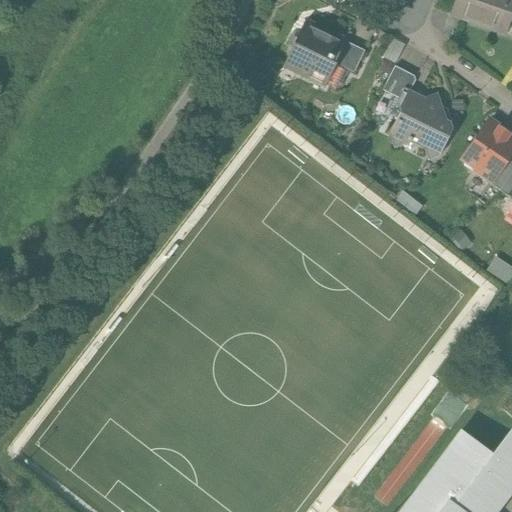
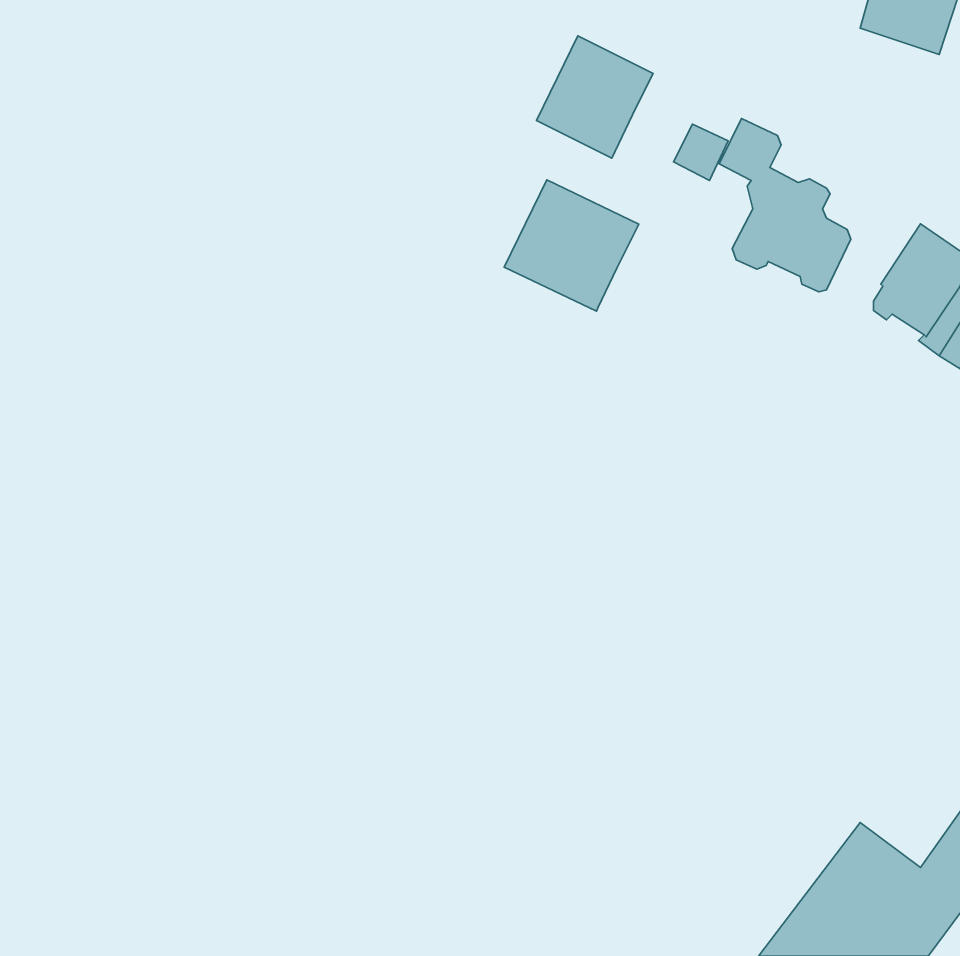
building: [337,41,366,71] -> [674,124,728,180]
building: none -> [504,180,639,311]

